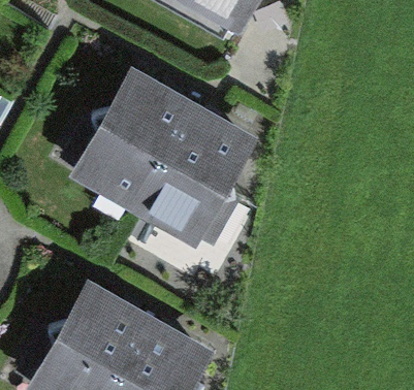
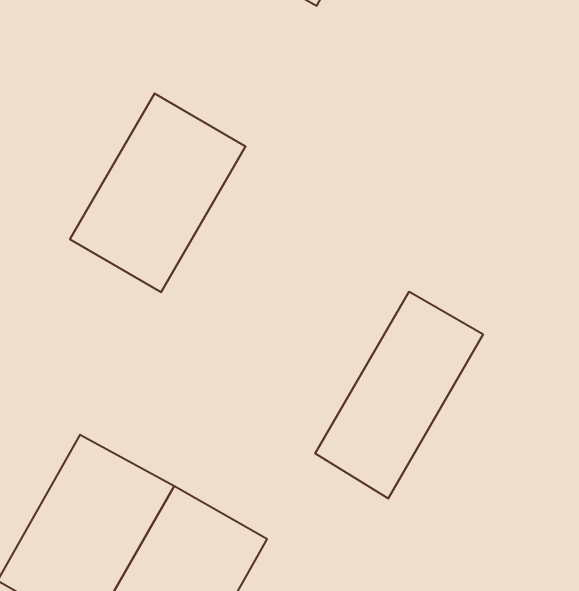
building: [138,110,249,234] -> none
building: none -> [315,292,483,499]

